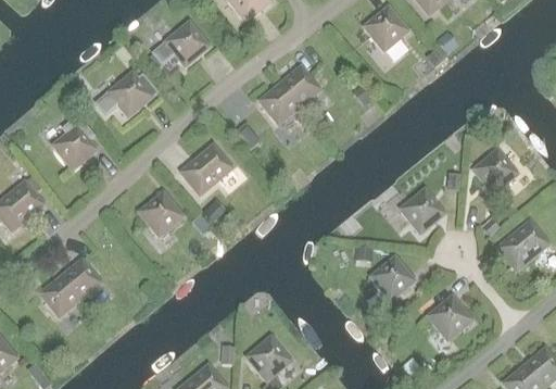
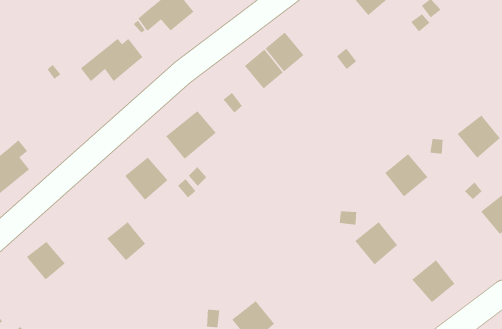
building: [52,115,97,168] -> none
building: [60,259,100,299] -> [106,221,146,261]

